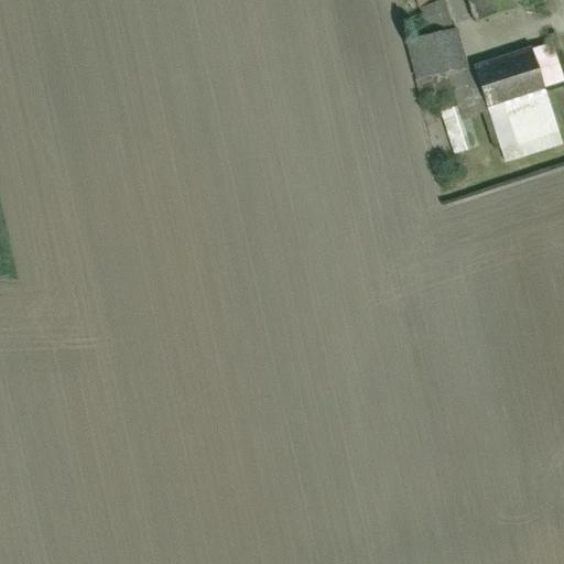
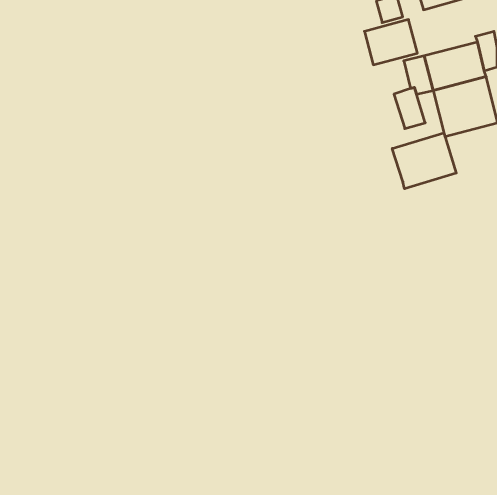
building: none -> [392,133,456,189]

